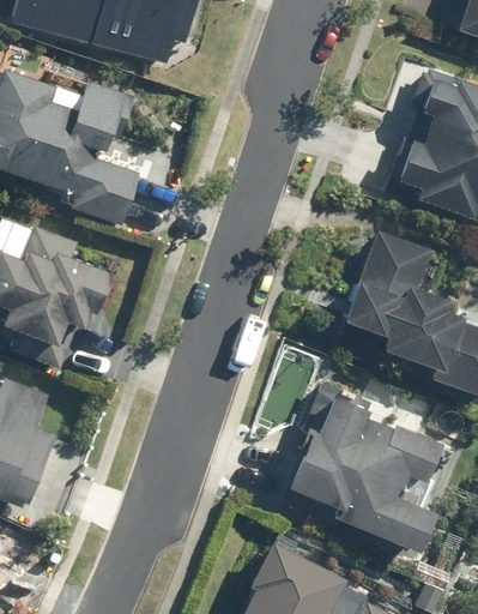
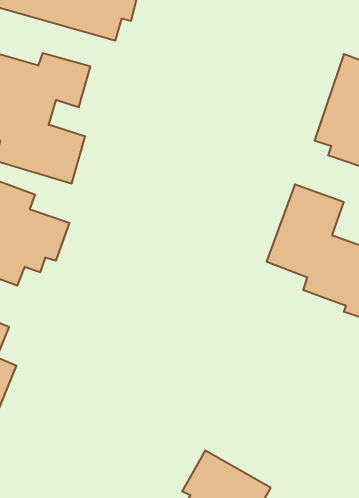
building: [290,380,442,553] -> none

